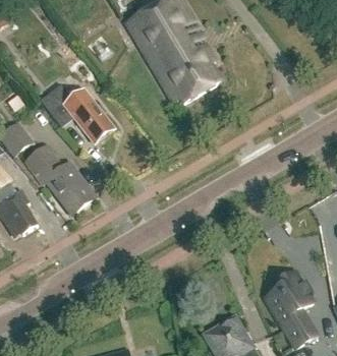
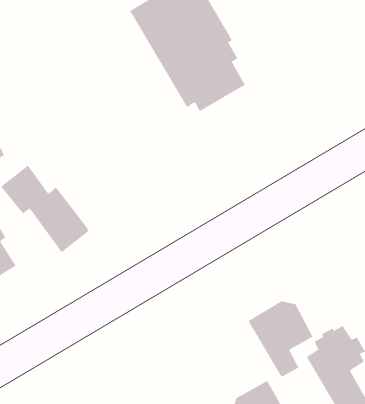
building: [41,83,114,143] -> none
building: none -> [248,300,313,378]

